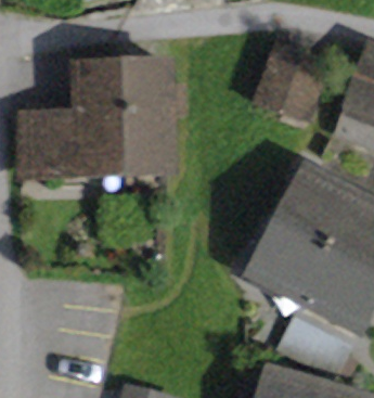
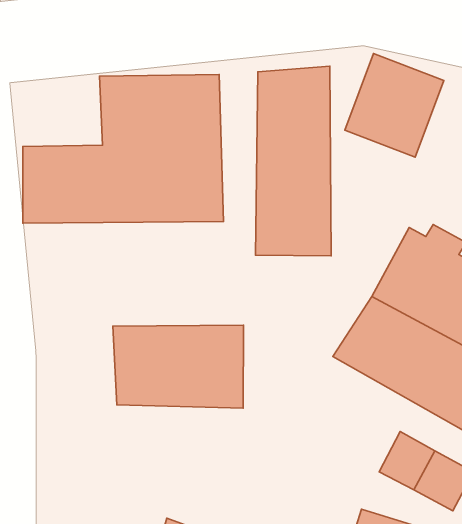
building: none -> [256,66,331,256]
building: none -> [113,325,244,408]

